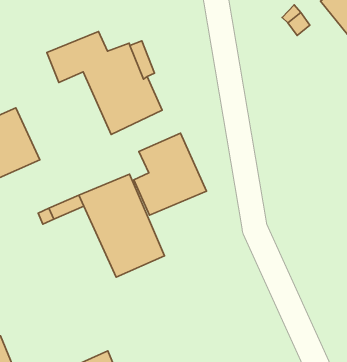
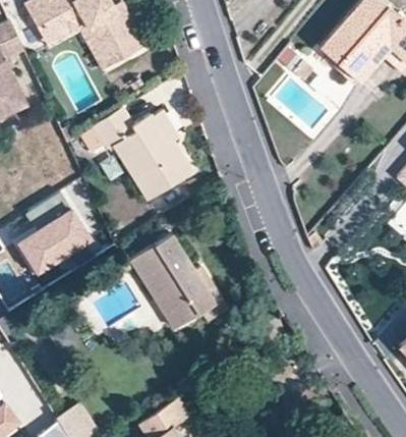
building: [134,133,207,215] -> none

